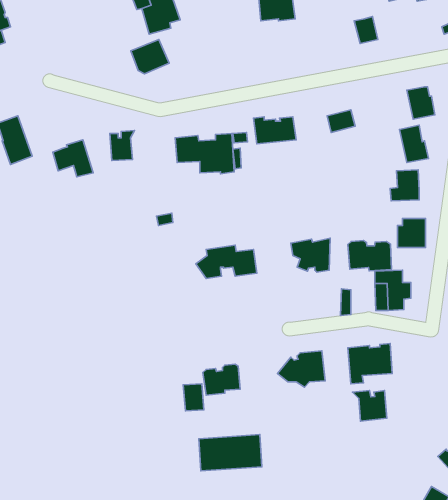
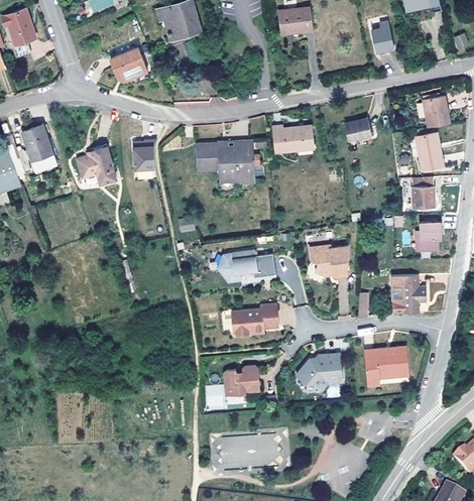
building: [131,40,169,74] -> [110,47,147,81]
building: [348,241,392,271] -> none
building: none -> [231,303,277,336]
building: [352,391,387,421] -> none

